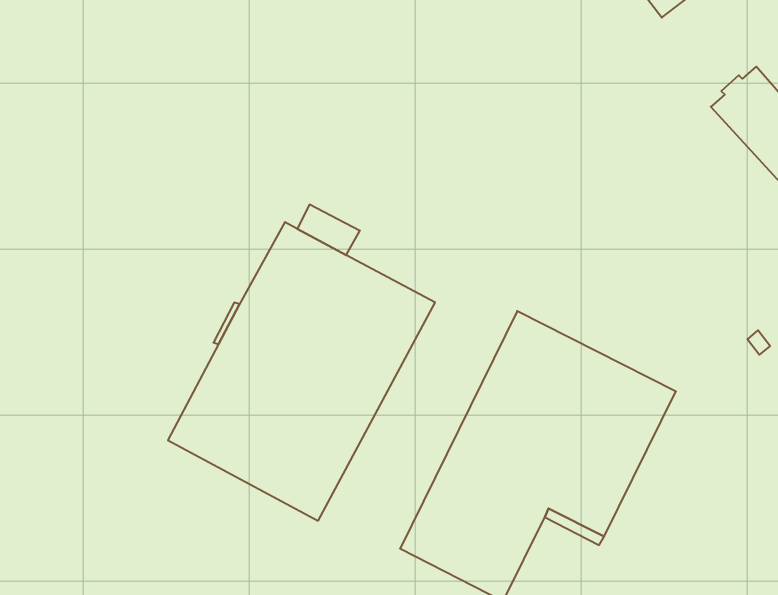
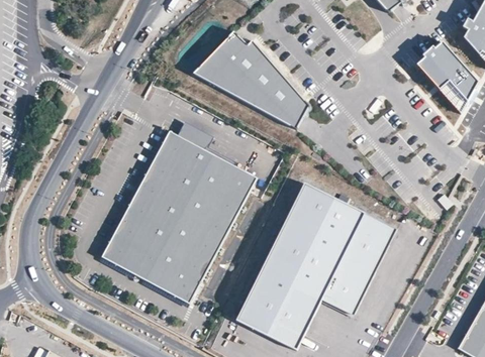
building: none -> [193,30,309,128]

